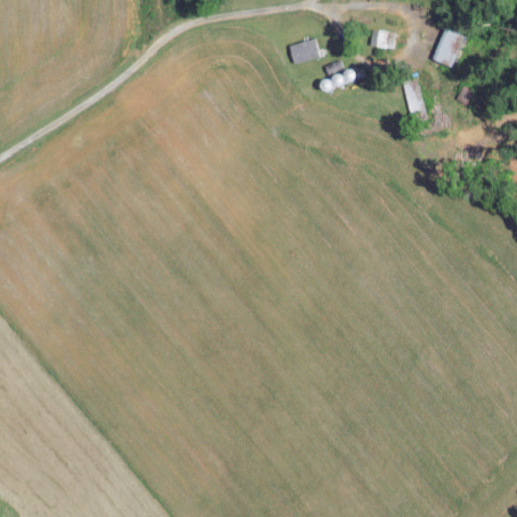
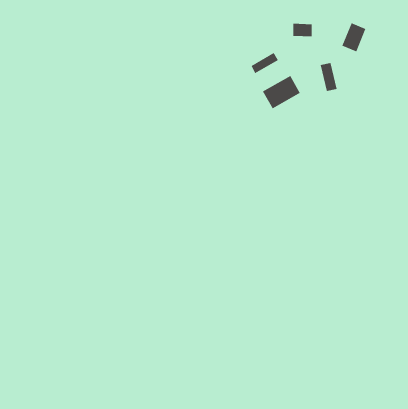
building: [289,38,319,64] -> none
building: none -> [262,75,301,109]

